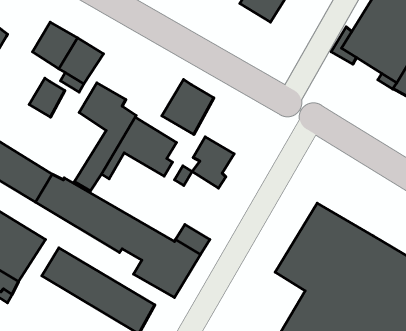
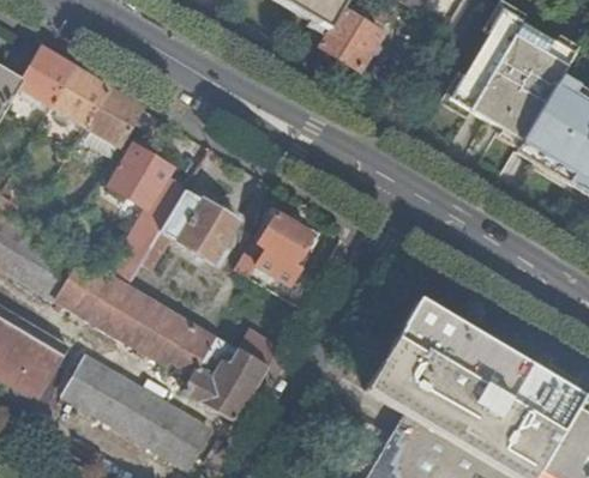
building: none -> [19,47,76,105]
building: [29,78,65,117] -> none
building: [162,80,214,135] -> none

